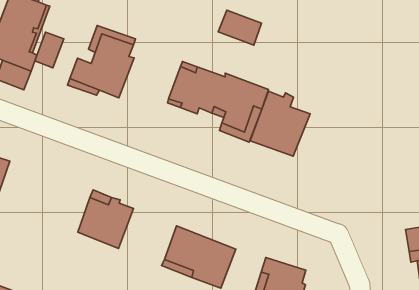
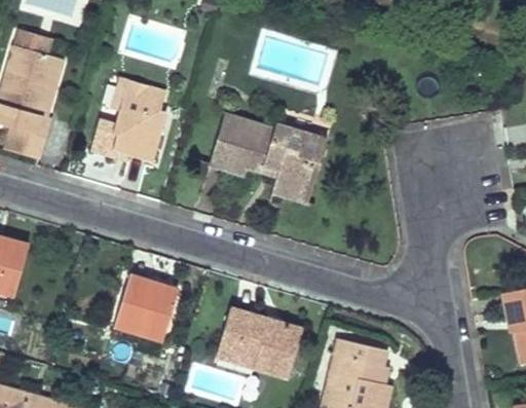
building: [218,10,262,45] -> none
building: [35,32,64,68] -> none
building: [250,91,310,156] -> none

